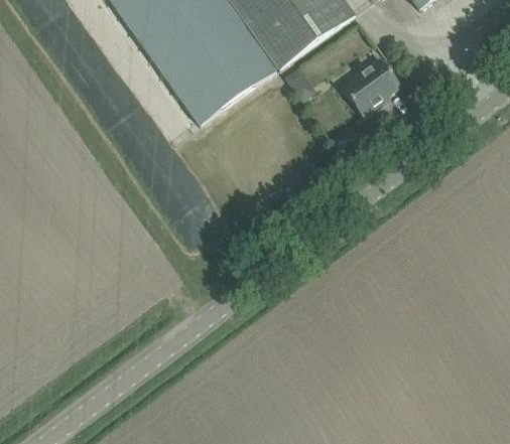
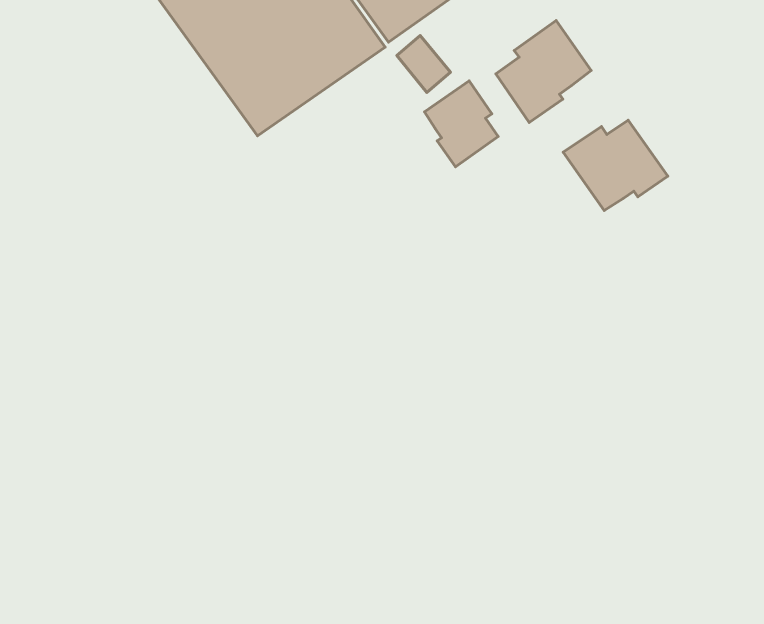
building: none -> [425,81,498,167]
building: none -> [563,120,668,211]

